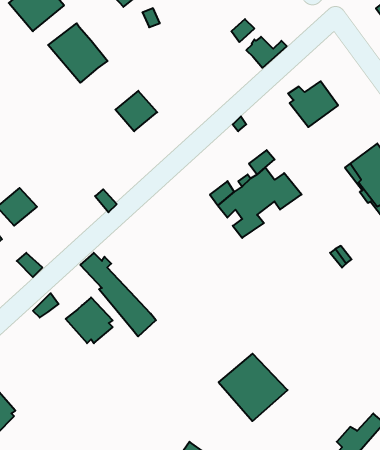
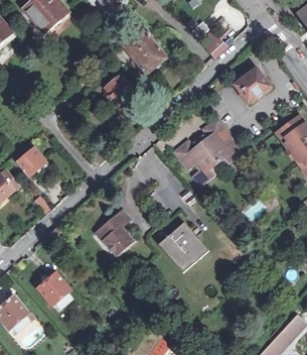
building: [48,23,108,83] -> [121,30,165,75]
building: [66,297,113,343] -> [36,272,71,307]
building: [219,354,288,421] -> [157,223,208,273]

